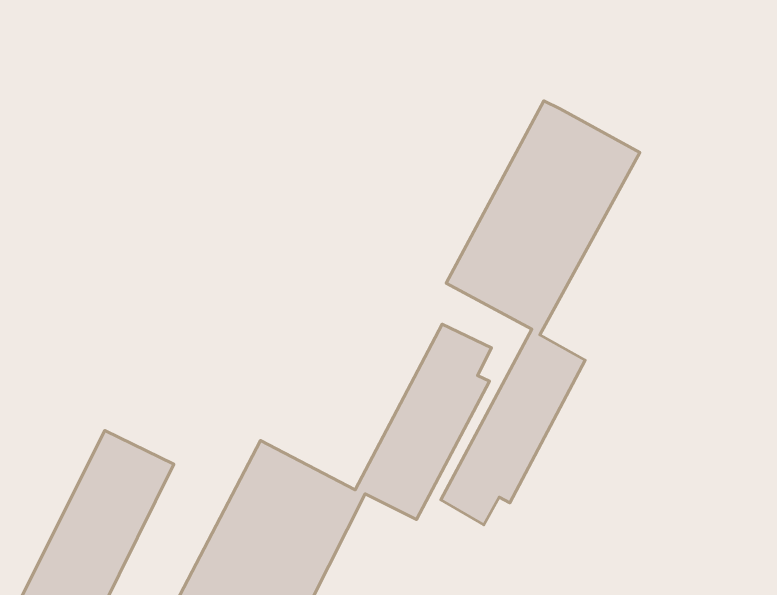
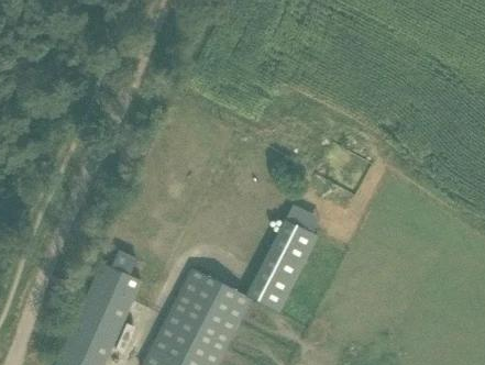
building: [441,101,640,525] -> none

